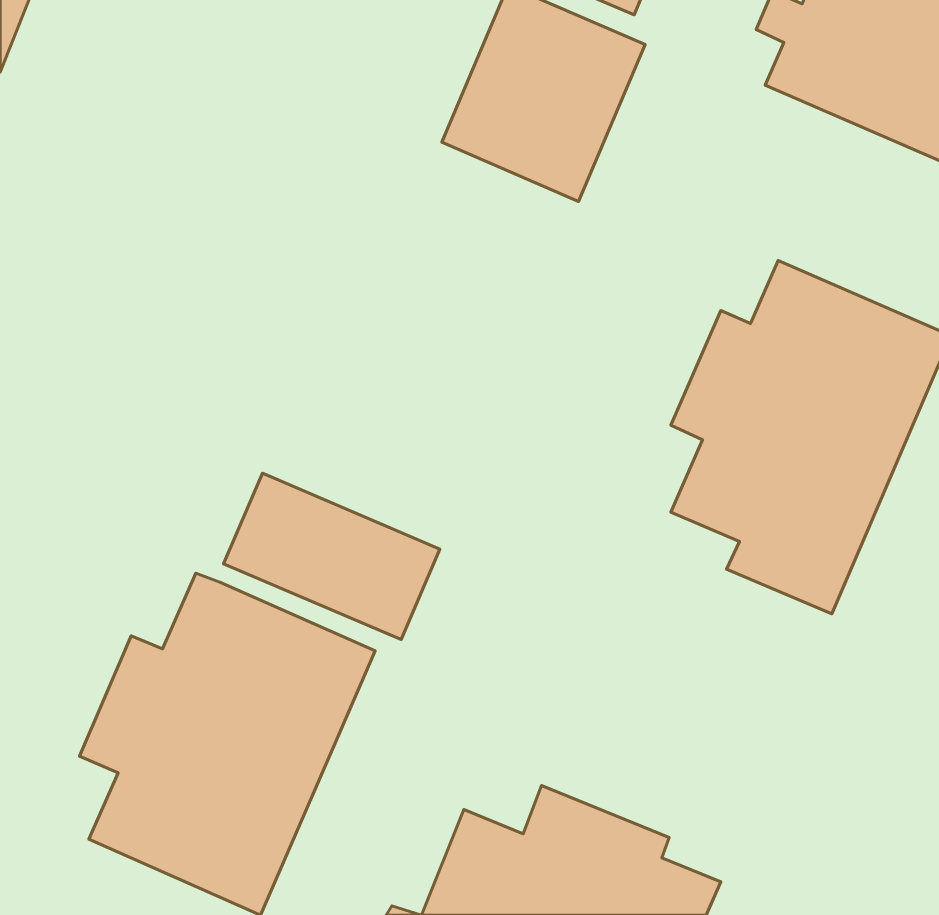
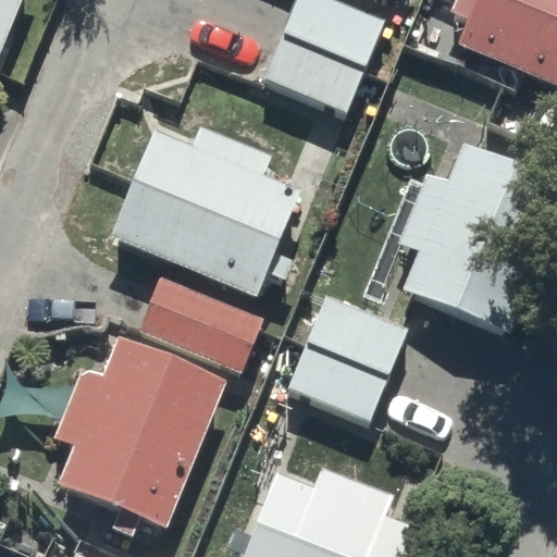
building: none -> [108,133,299,307]
building: none -> [286,298,407,425]

